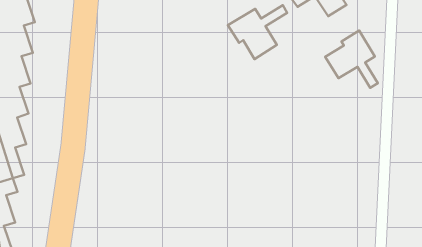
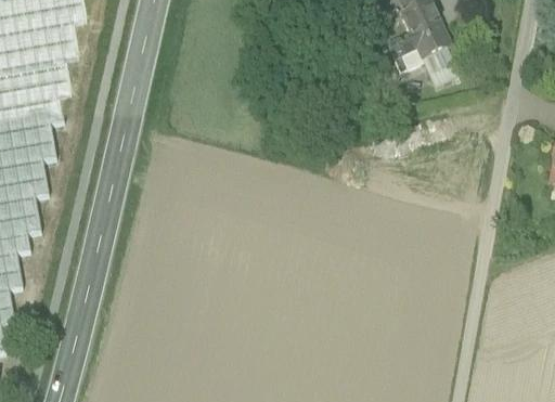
building: [228,5,287,59] -> none
building: [325,30,378,88] -> none

